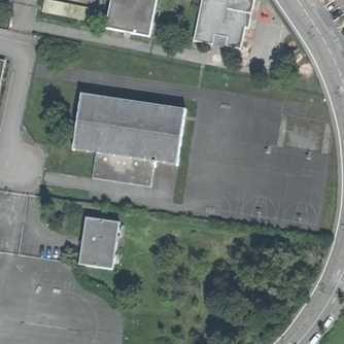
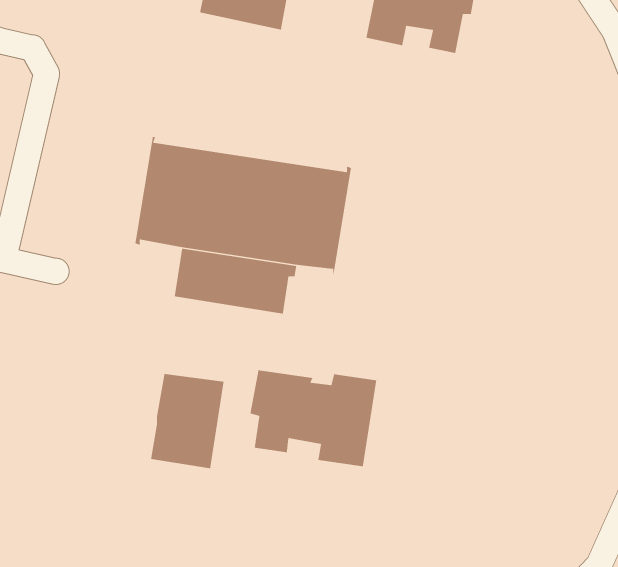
building: none -> [250,370,377,467]

